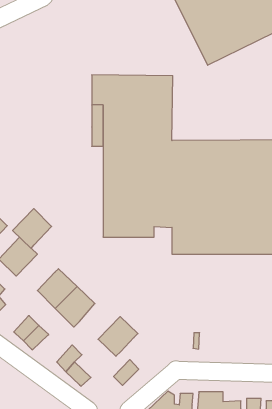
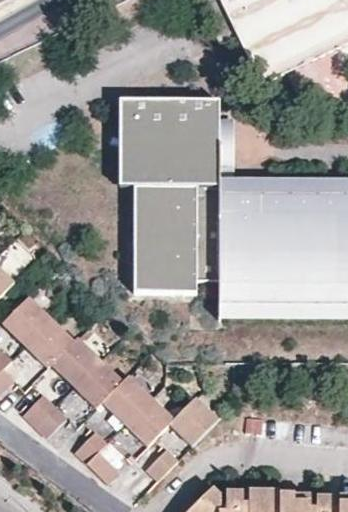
building: [13,209,52,248] -> [26,318,74,367]
building: none -> [104,373,154,423]
building: none -> [171,394,220,443]

